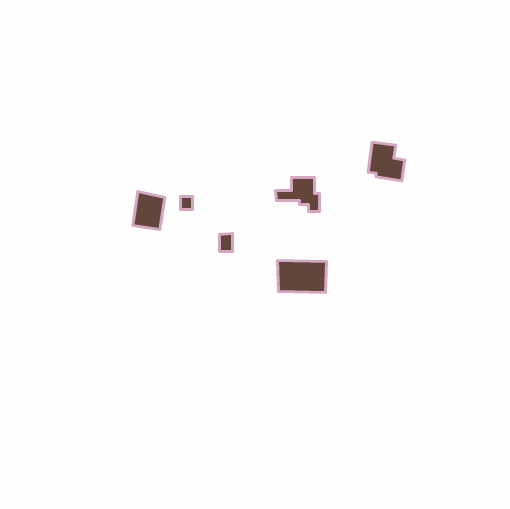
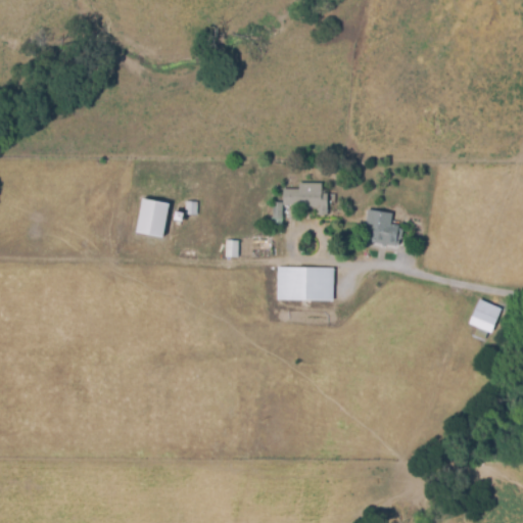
building: [368,142,405,181] -> [363,208,400,248]
building: none -> [469,308,496,339]

